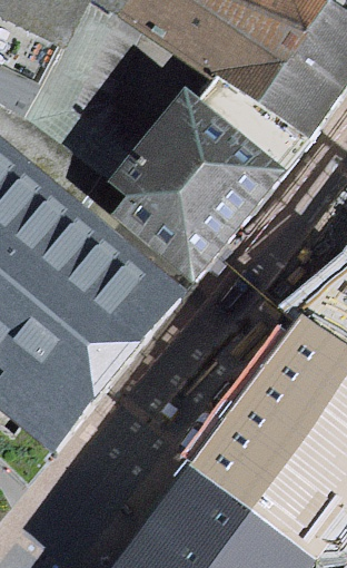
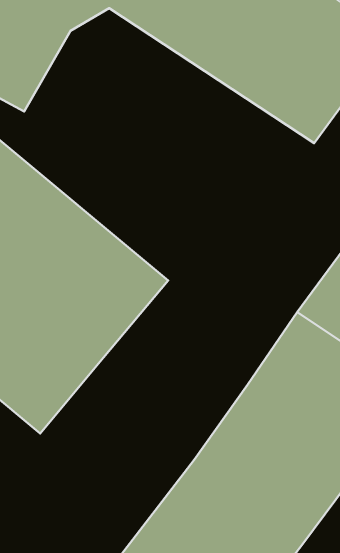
building: [106,97,272,271] -> none

